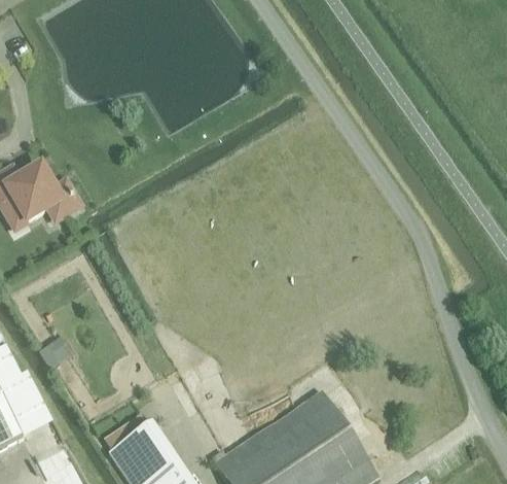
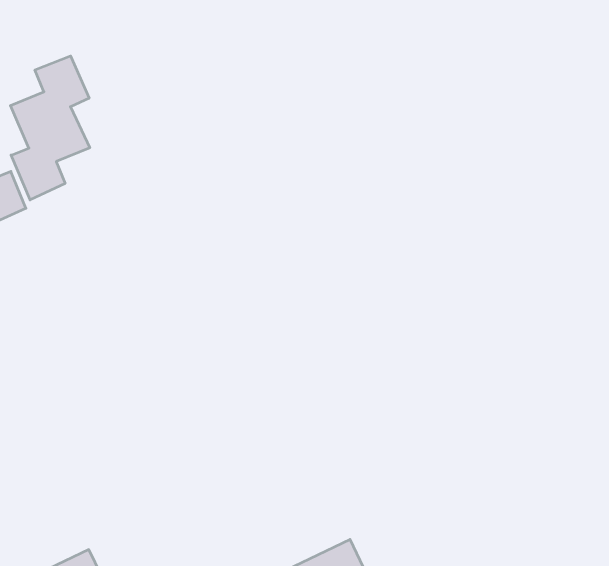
building: none -> [10,56,90,200]

